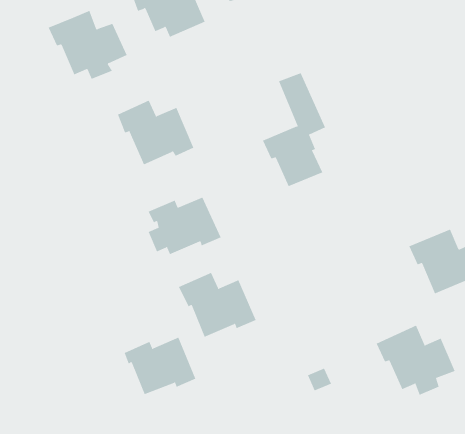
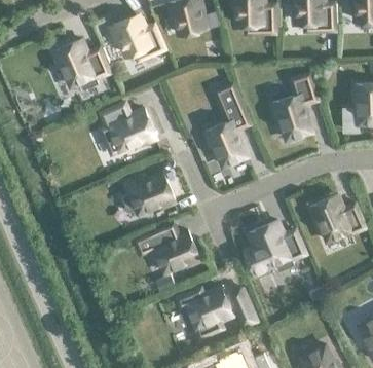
building: none -> [271,75,315,140]
building: [376,325,456,396] -> [248,222,304,272]
building: [124,337,196,395] -> [181,287,232,328]

